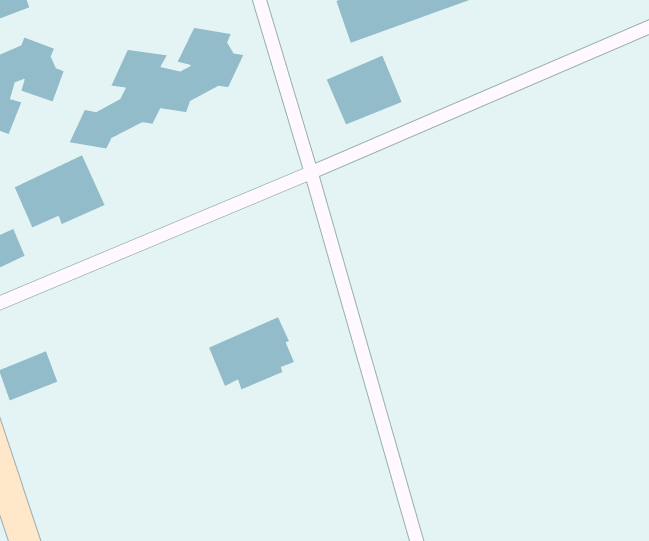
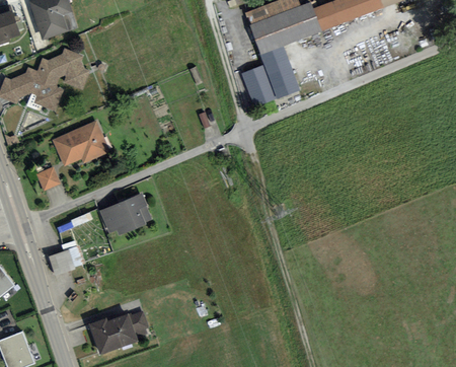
building: [69,27,244,149] -> none
building: [208,316,295,390] -> [96,190,150,235]
building: none -> [88,309,148,353]

